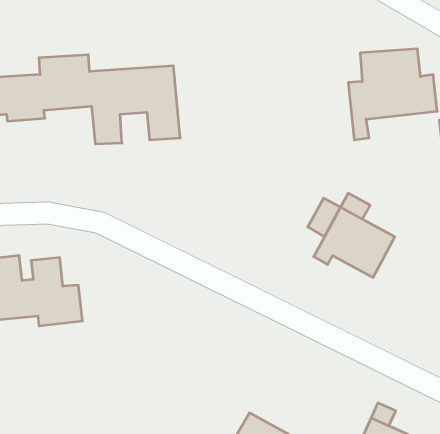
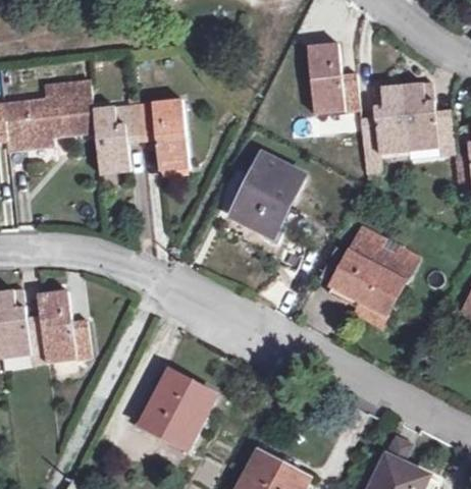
building: none -> [310,38,359,111]
building: none -> [232,148,305,228]
building: none -> [144,374,213,448]

